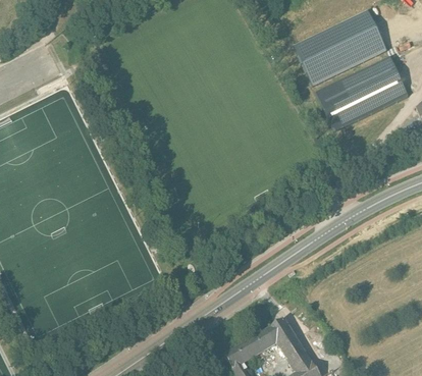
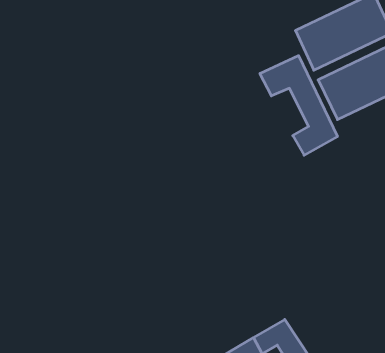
building: none -> [260,56,337,155]

